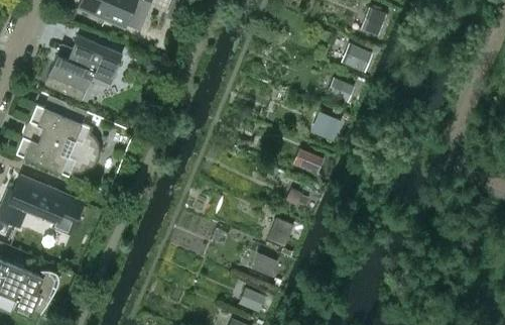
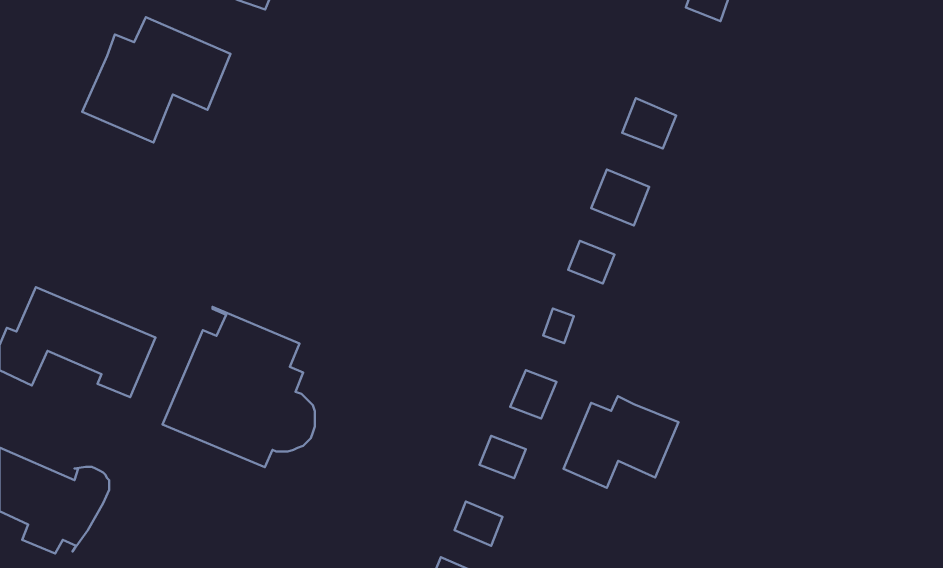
building: [341,42,372,71] -> none
building: [15,92,95,176] -> [162,307,315,467]
building: none -> [563,396,678,488]

